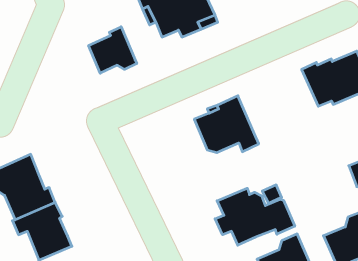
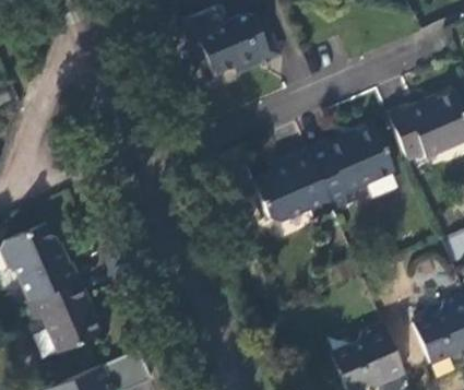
building: [89,27,137,73] -> none
building: none -> [308,127,395,212]
building: [215,188,295,245] -> none

